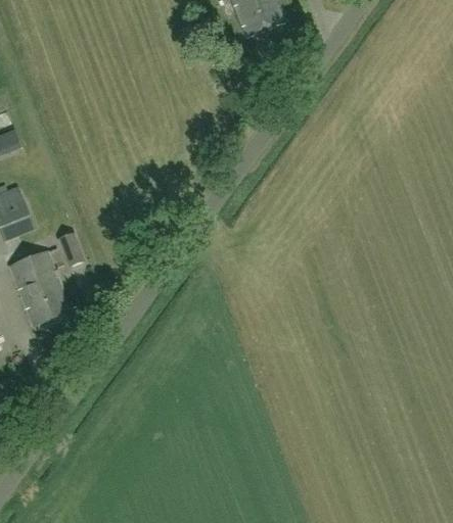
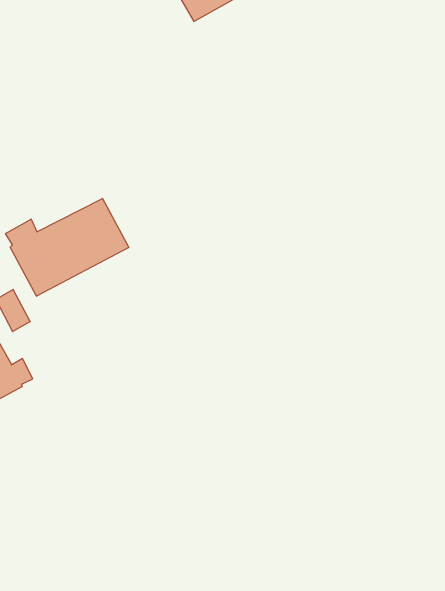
building: none -> [6,198,129,296]

